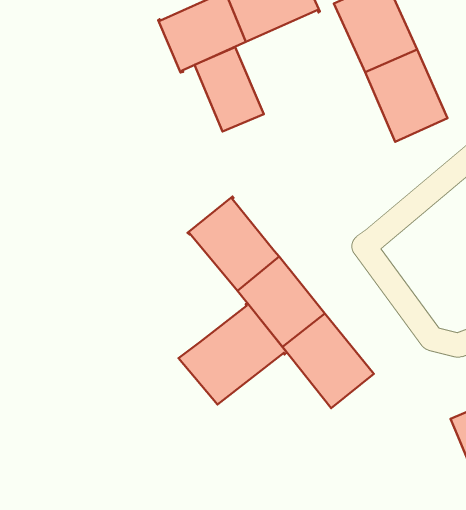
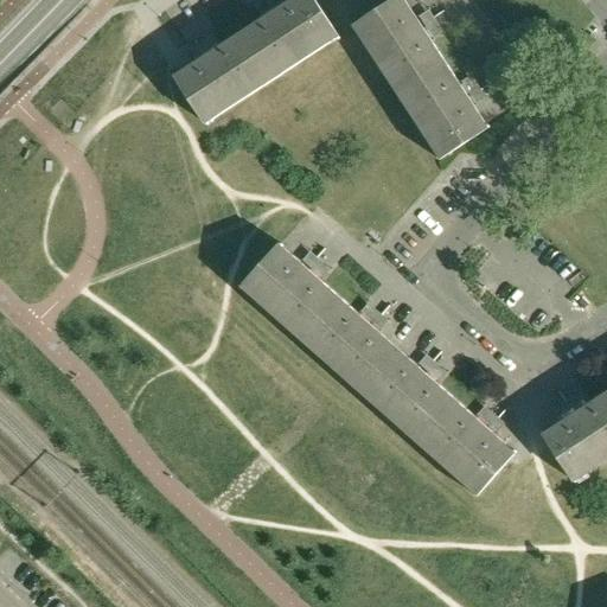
building: [195,47,264,132] -> none
building: [178,303,287,404] -> none
building: none -> [416,400,513,494]

